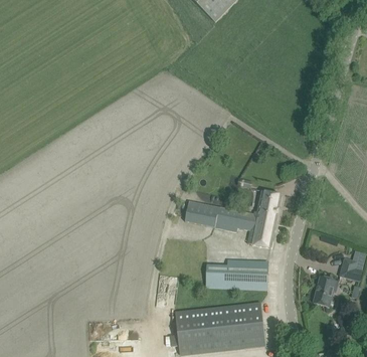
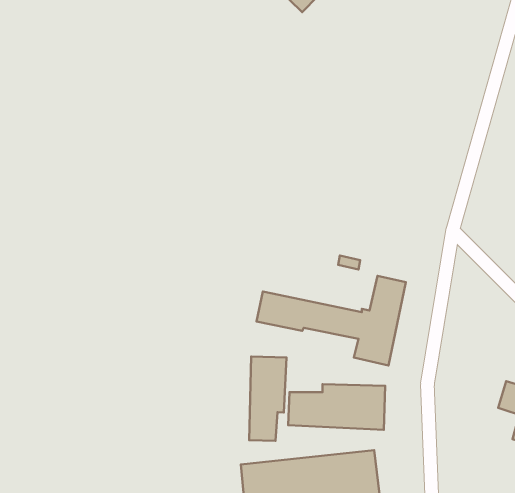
building: none -> [249,356,286,441]
building: [313,277,335,307] -> none

